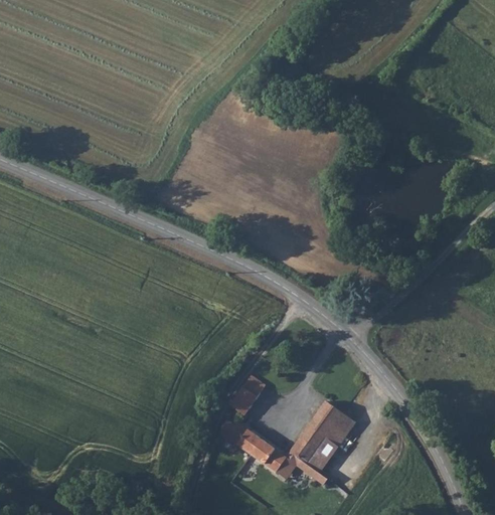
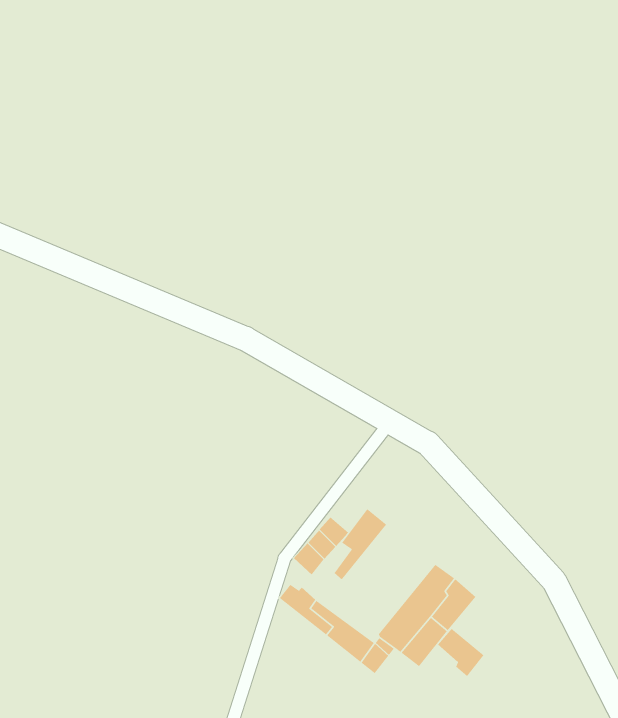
building: none -> [334,508,387,580]
building: none -> [437,628,485,677]

